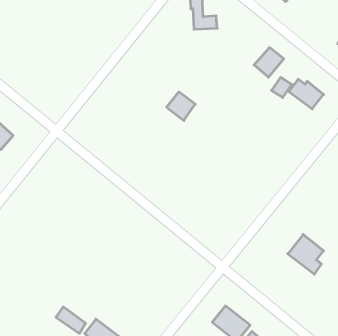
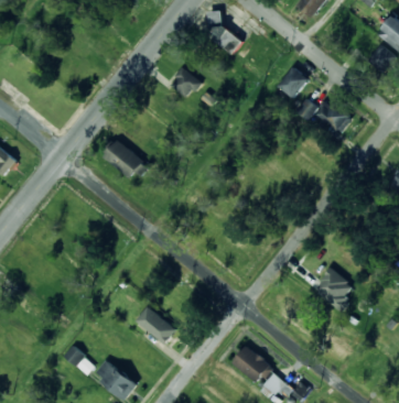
building: [167,92,195,121] -> [169,67,200,98]
building: none -> [104,139,147,181]
building: none -> [134,306,176,344]

